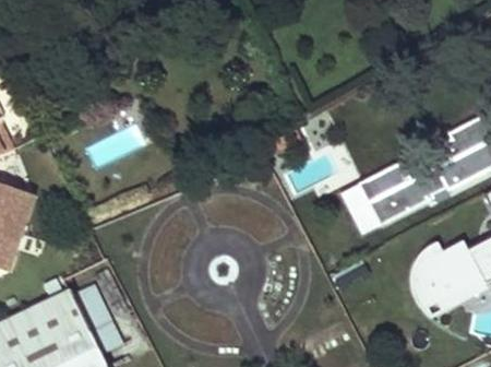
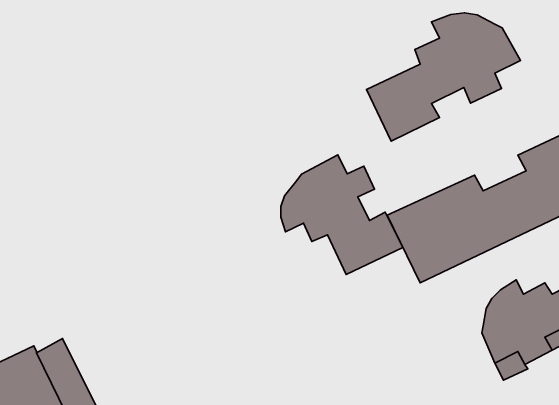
building: none -> [367,13,521,141]
building: none -> [281,155,403,274]

